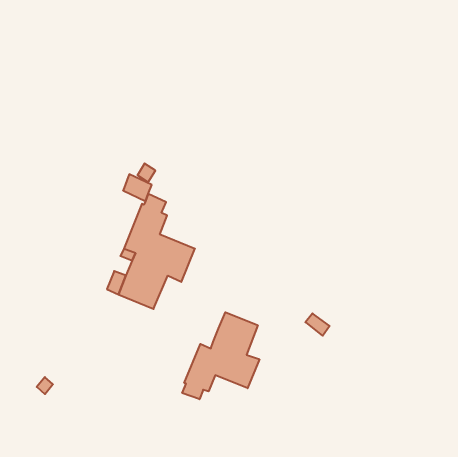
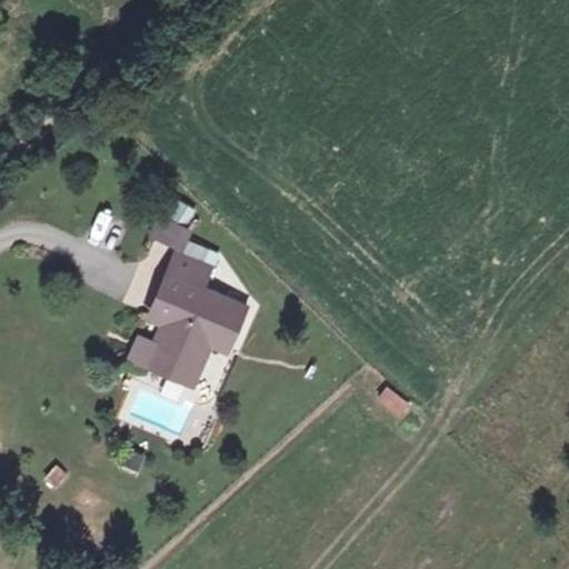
building: [182,312,259,399] -> none

